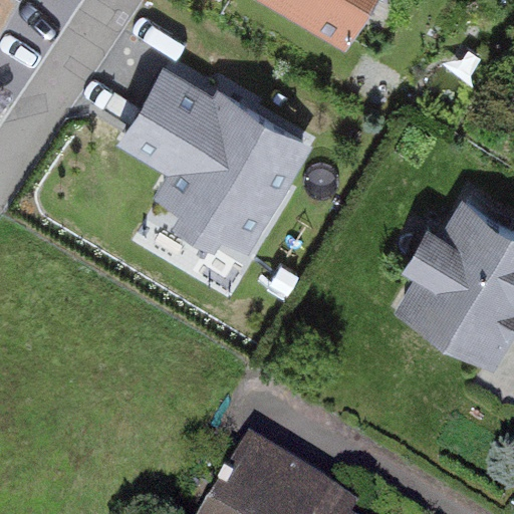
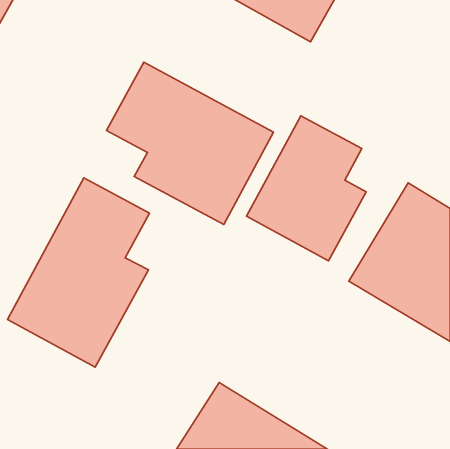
building: none -> [247,116,366,261]
building: none -> [7,178,149,367]

